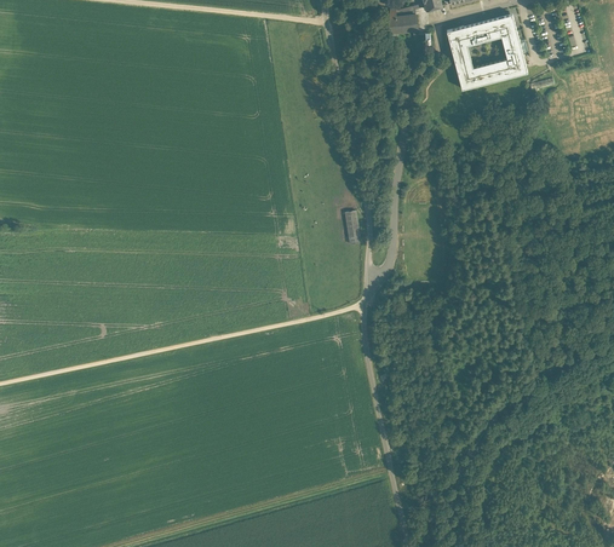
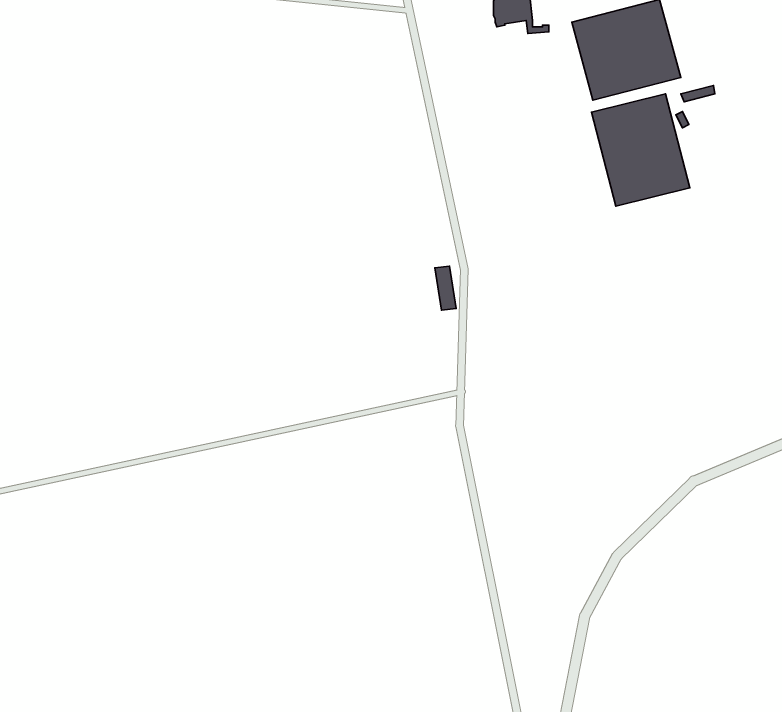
building: none -> [591,94,690,206]

